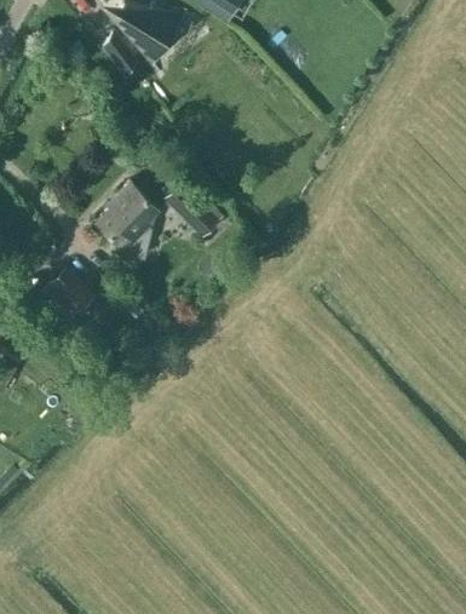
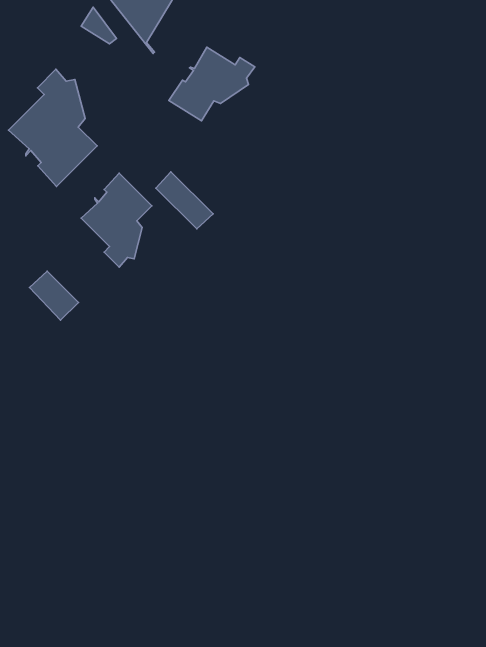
building: none -> [169,47,255,121]
building: none -> [9,69,97,186]

